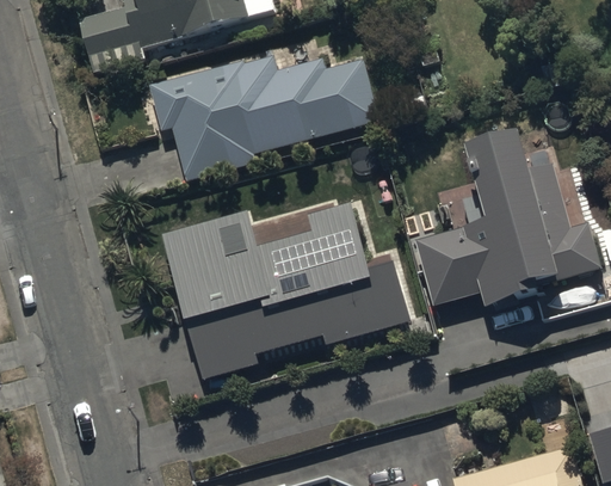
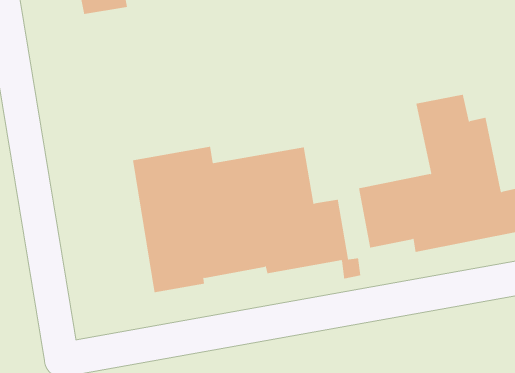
building: [143,51,375,182] -> none

